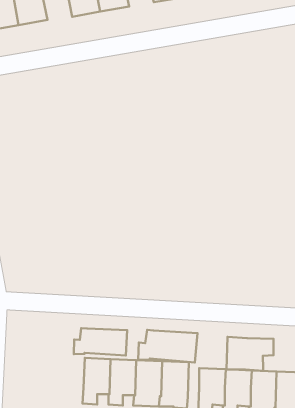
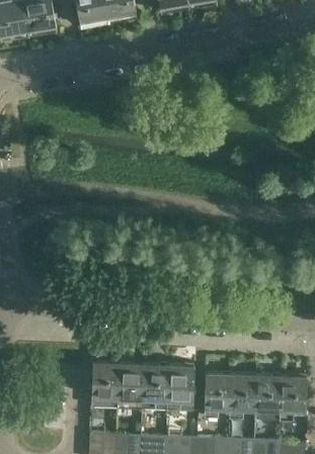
building: [74,328,127,355] -> none
building: [138,330,197,363] -> none
building: [226,337,273,371] -> none

